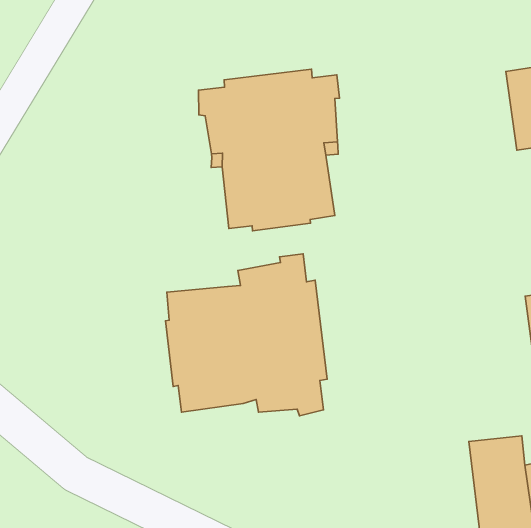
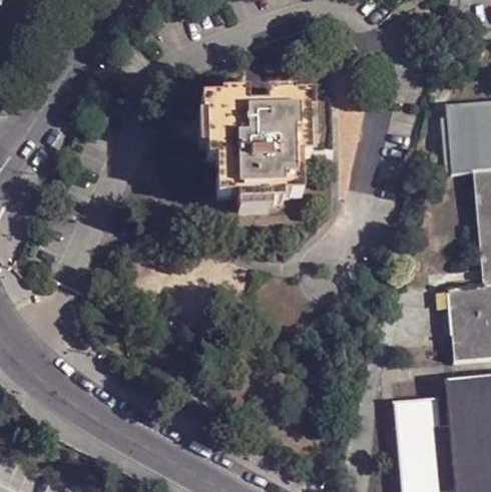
building: [166,254,327,416] -> none

